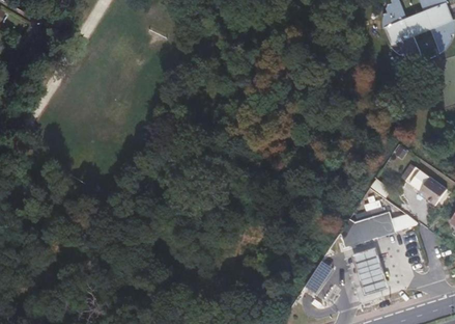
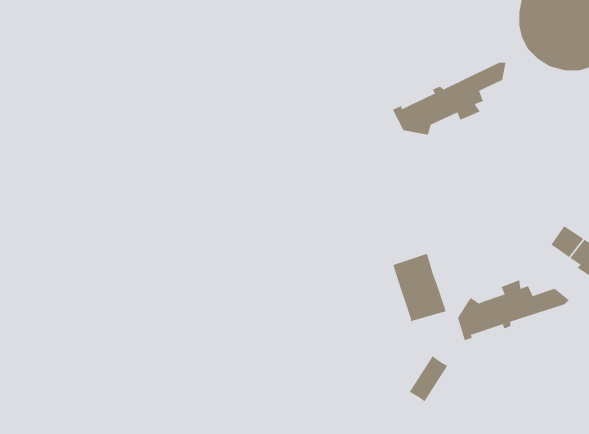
building: none -> [392,62,506,136]
building: [352,247,391,296] -> [393,253,447,322]

